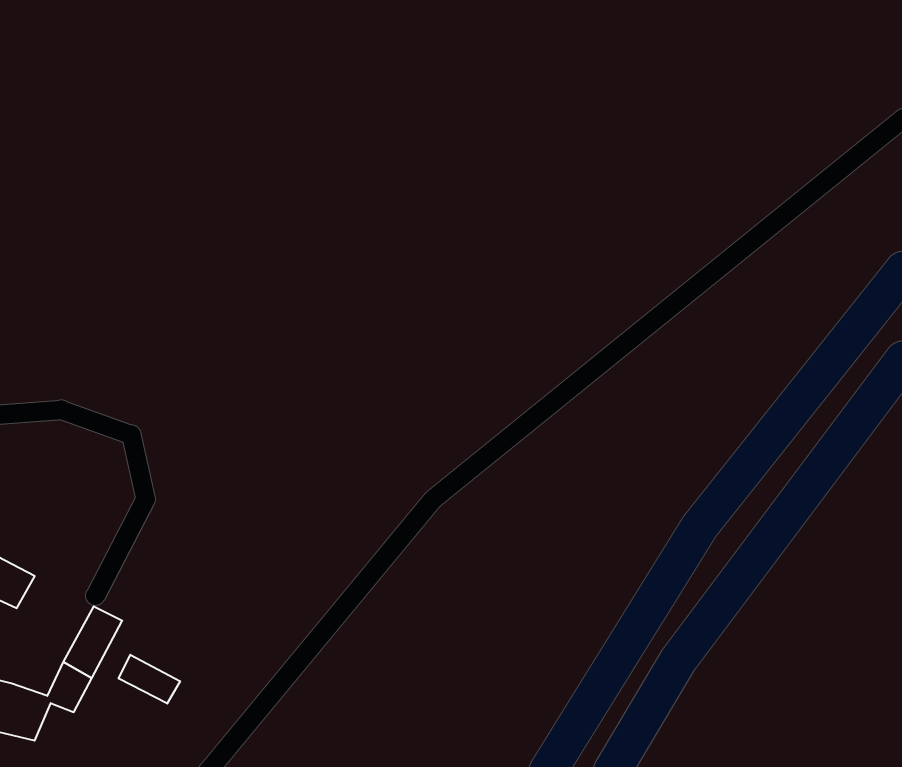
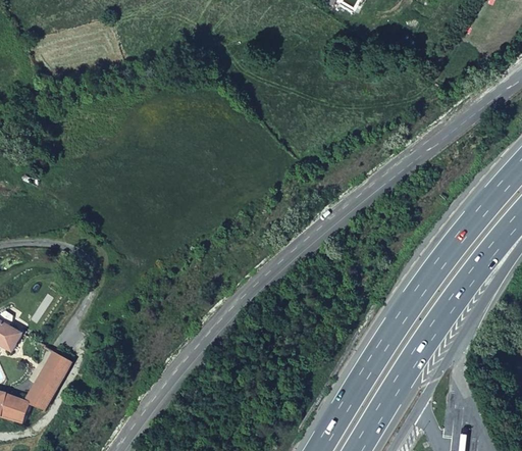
building: [119,655,180,704] -> none

